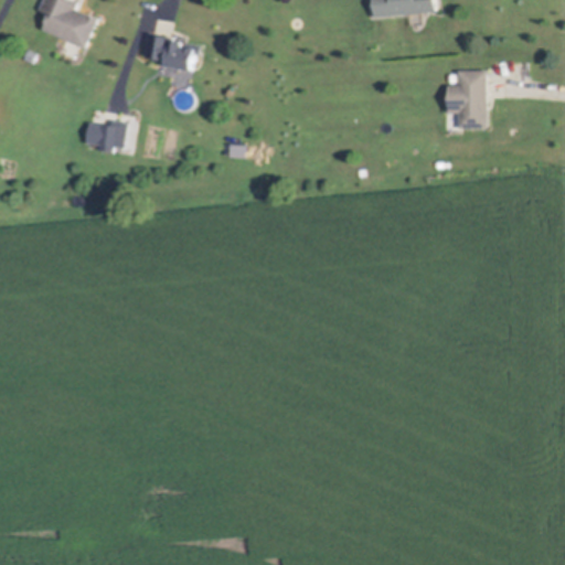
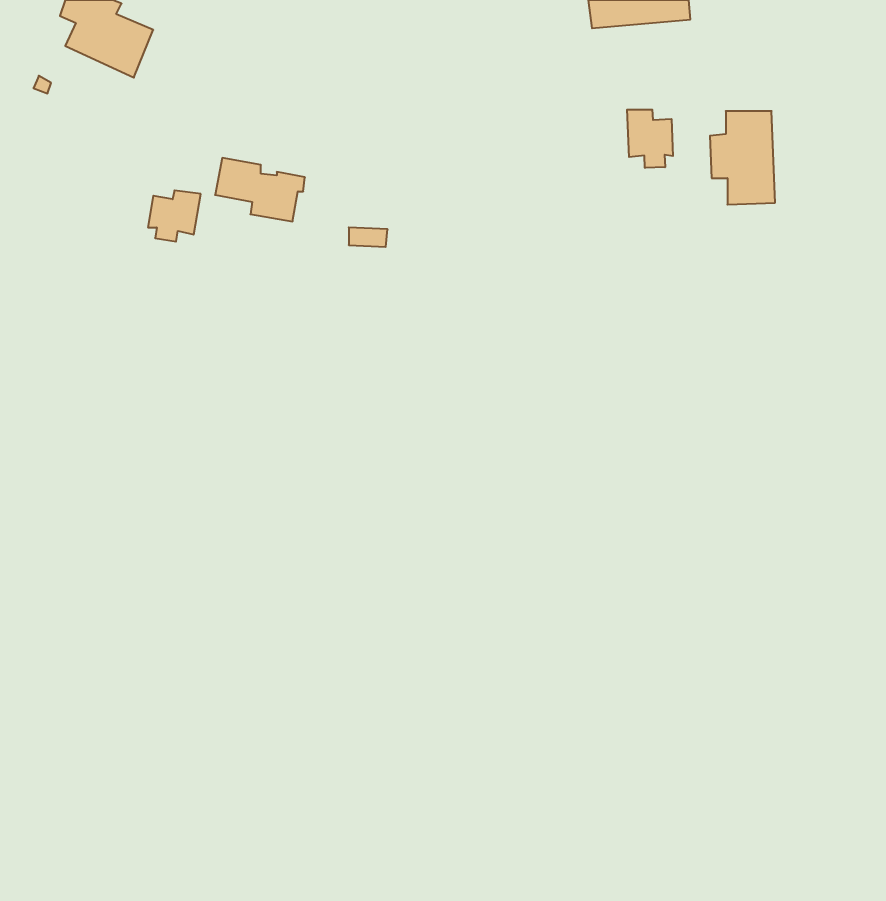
building: [142,32,199,72] -> [215,158,305,221]
building: none -> [627,110,673,168]

